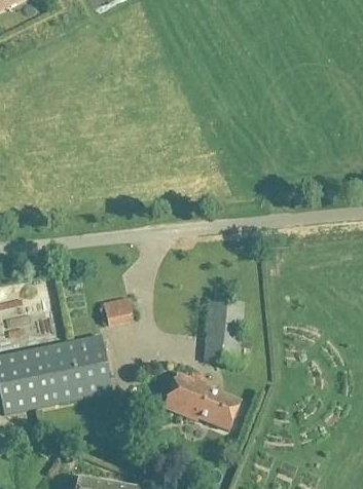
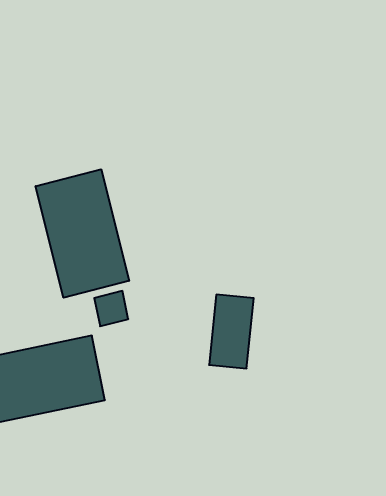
building: none -> [36,169,129,298]
building: [162,371,240,429] -> none

